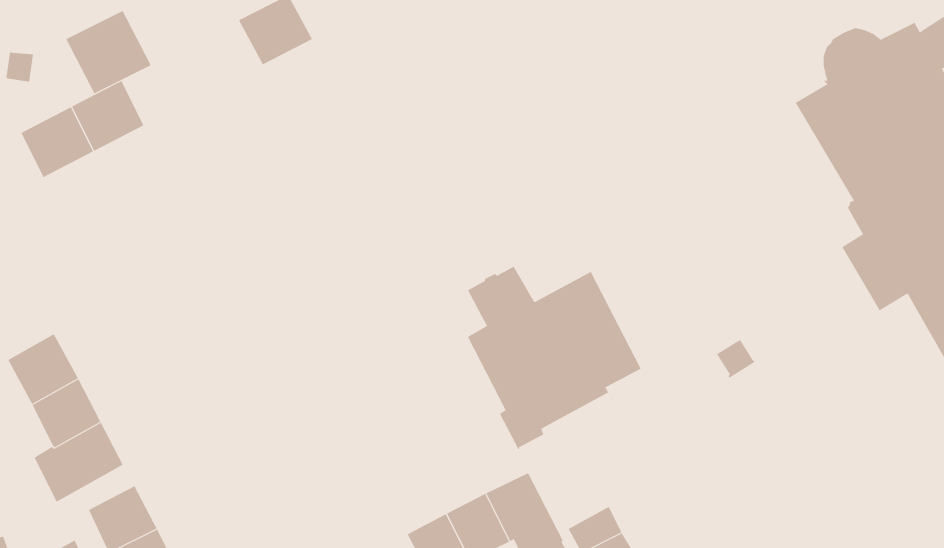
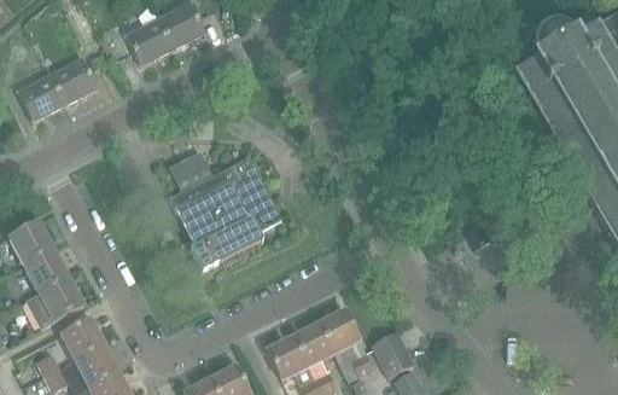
building: [66,10,152,94] -> none
building: none -> [126,18,174,64]
building: [467,266,642,450] -> [170,151,282,269]

